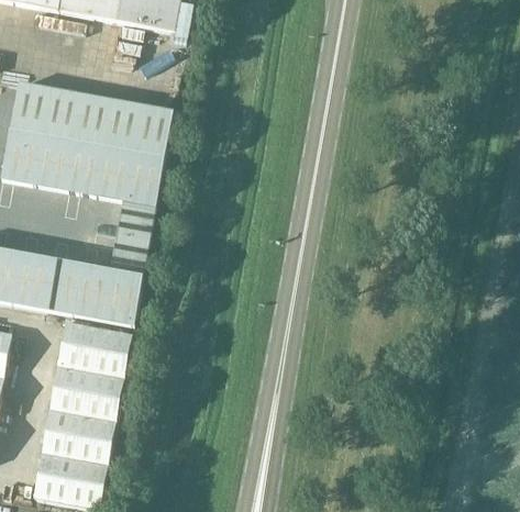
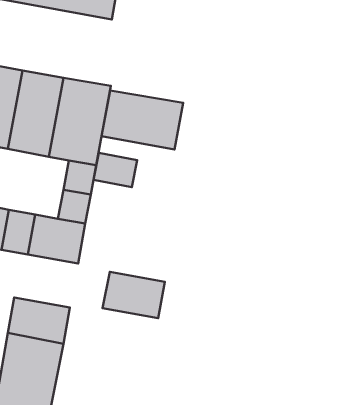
building: none -> [102,90,183,150]
building: none -> [94,153,137,187]
building: [56,321,131,377] -> [103,272,165,318]

